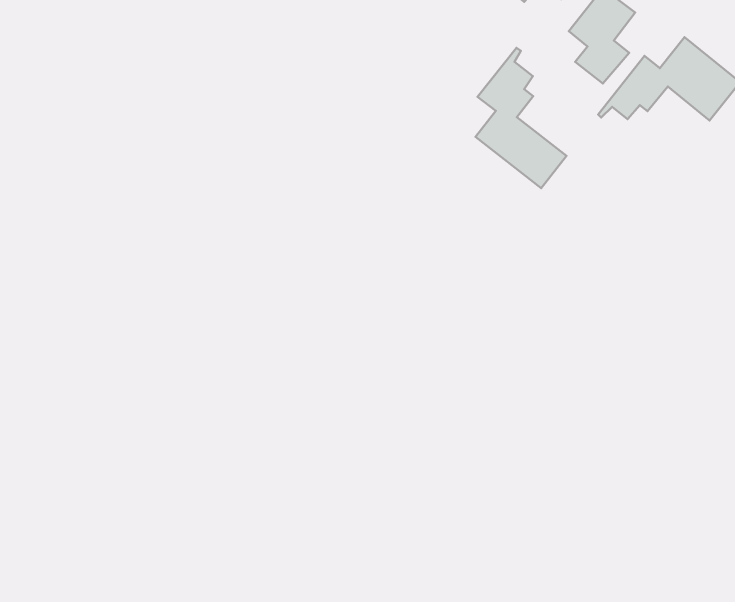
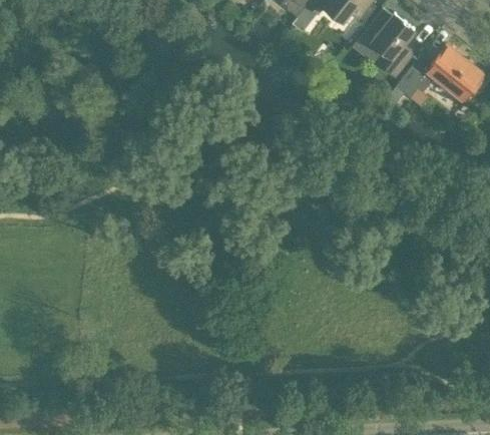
building: [475,48,567,188] -> none

